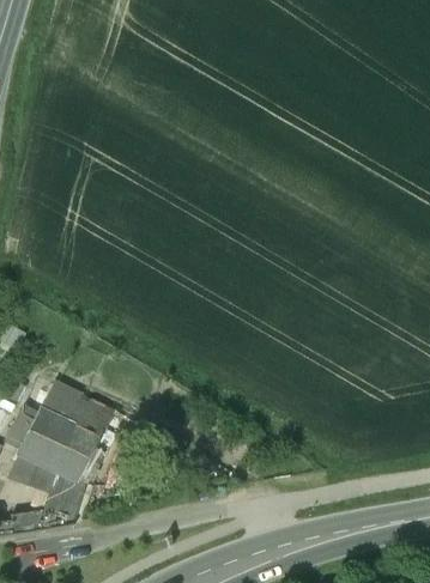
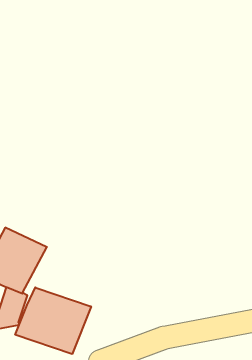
building: none -> [15,287,91,354]

